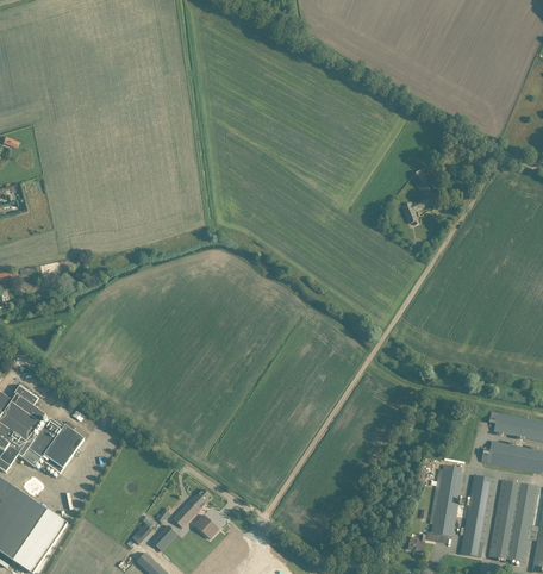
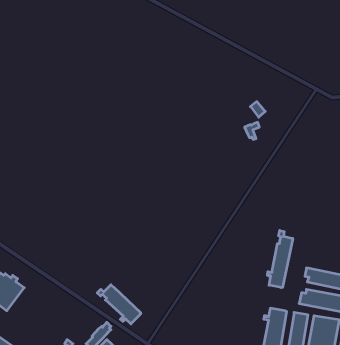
building: none -> [267,230,293,288]
building: none -> [97,285,141,324]

